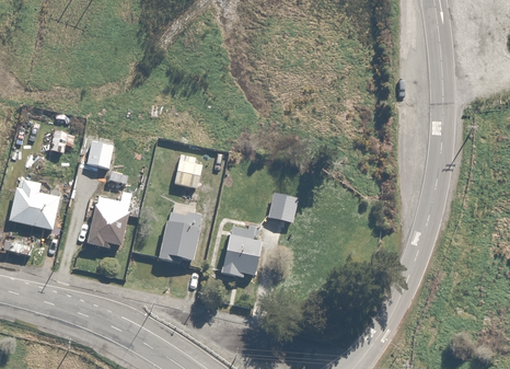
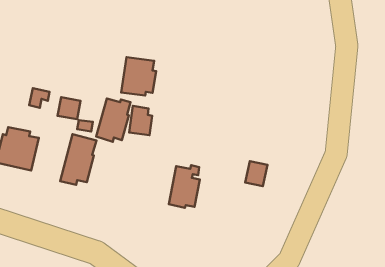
building: none -> [121,57,156,95]
building: [268,193,295,223] -> [245,161,267,186]
building: [158,211,200,265] -> [96,99,131,142]

